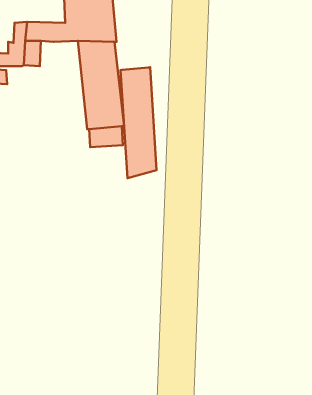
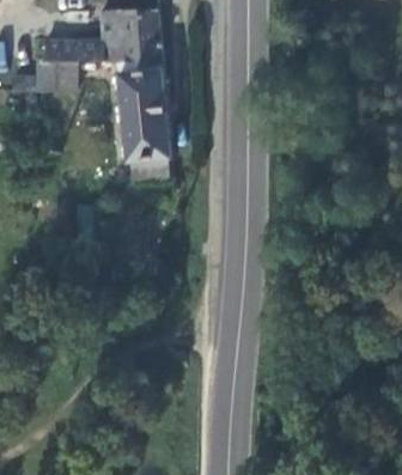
building: [120,67,156,178] -> none

